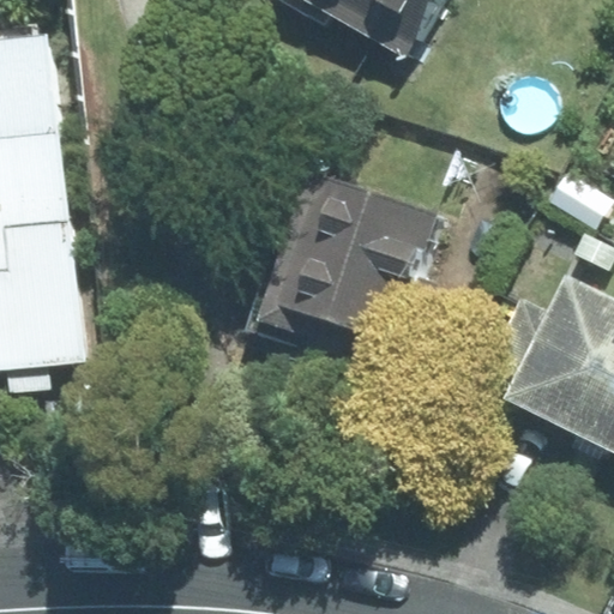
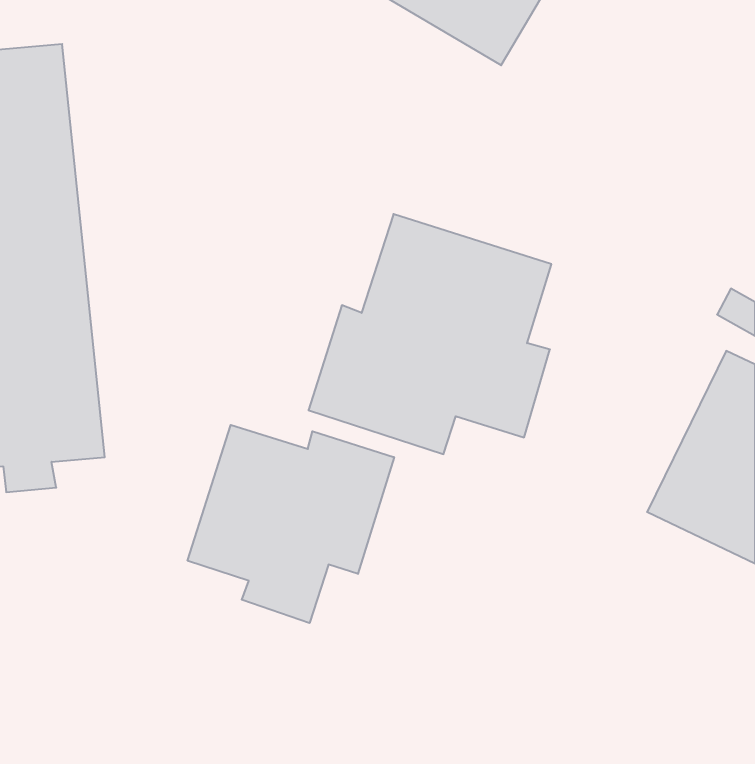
building: none -> [188,425,394,623]

